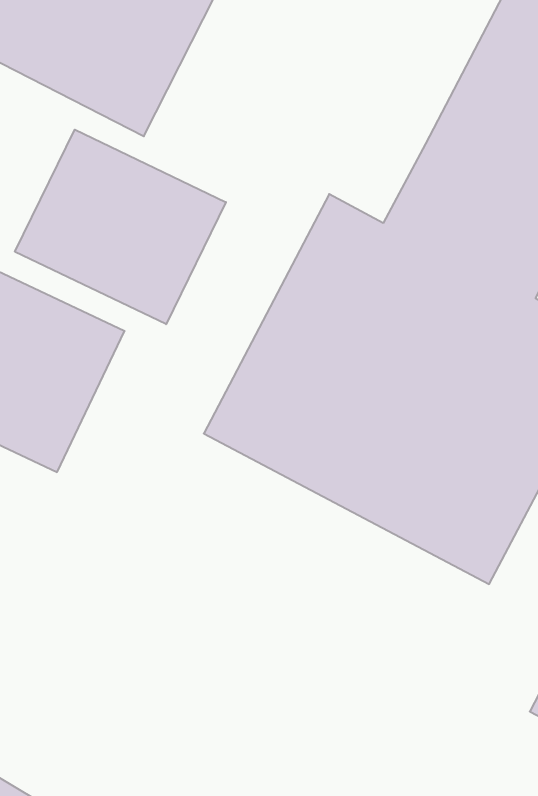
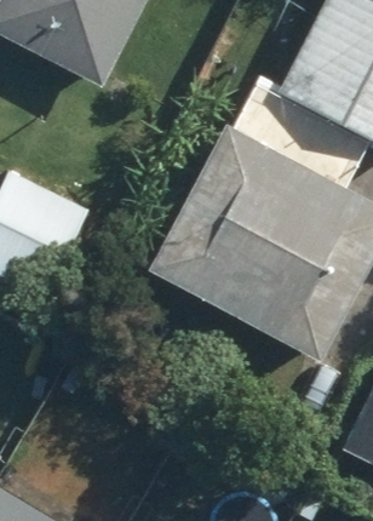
building: [15,130,226,324] -> none

